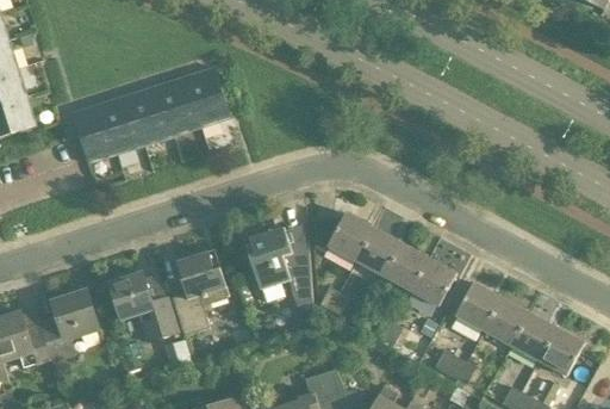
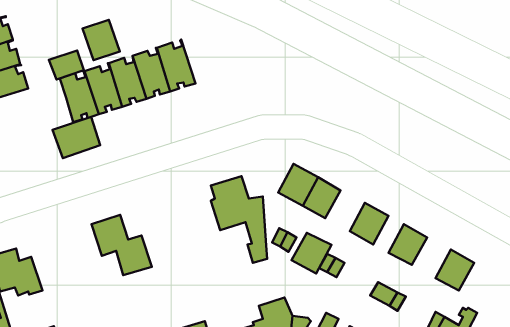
building: none -> [83,20,120,60]
building: none -> [49,51,84,80]
building: none -> [53,117,100,158]
building: [381,242,428,290] -> [292,233,331,273]
building: [172,248,228,334] -> none
building: [38,289,99,359] -> none
building: [483,297,528,345] -> none
building: [537,327,584,374] -> none

